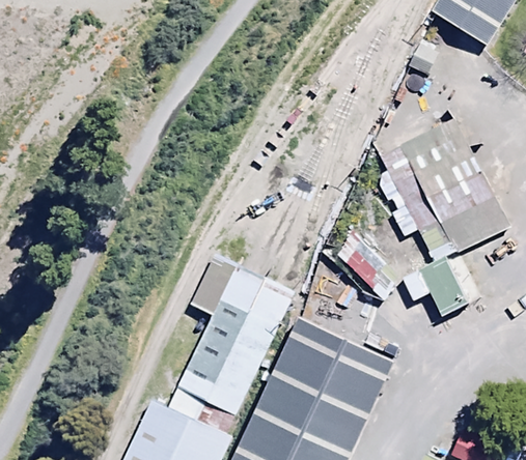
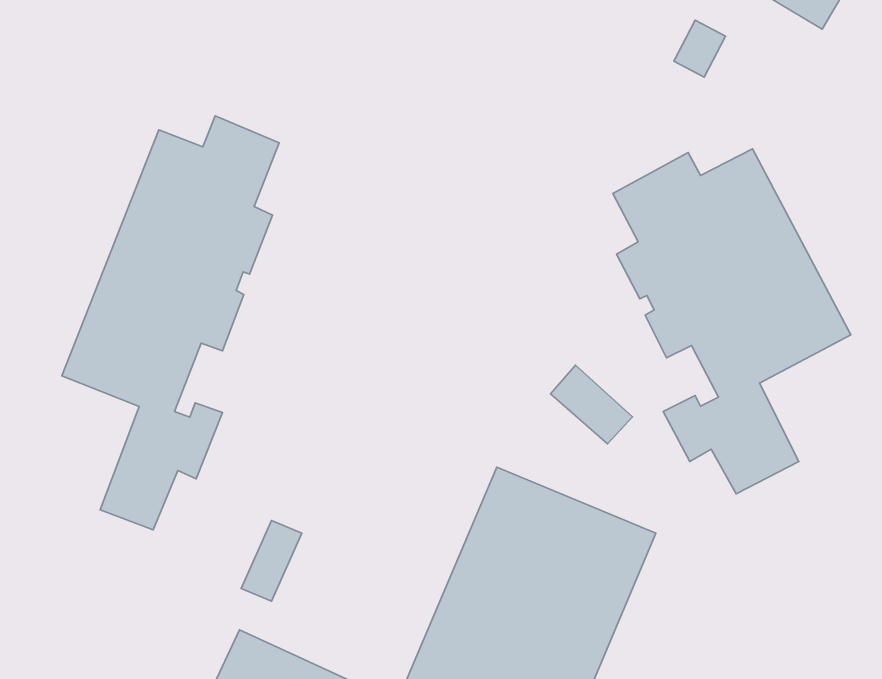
building: none -> [62,116,279,530]
building: [179,253,288,414] -> none

